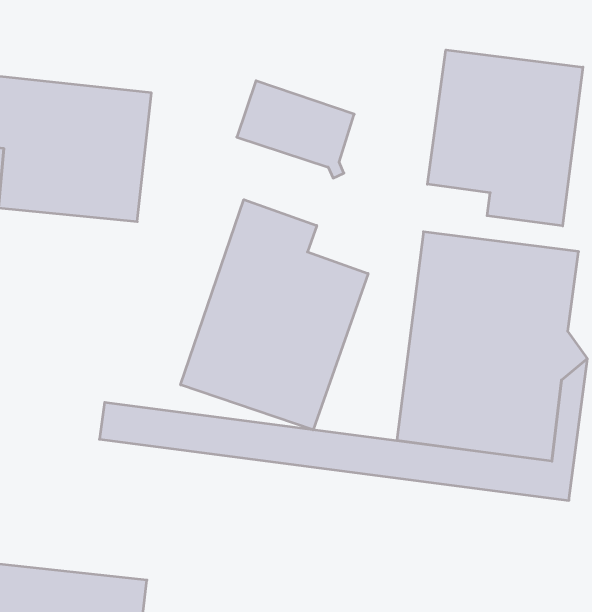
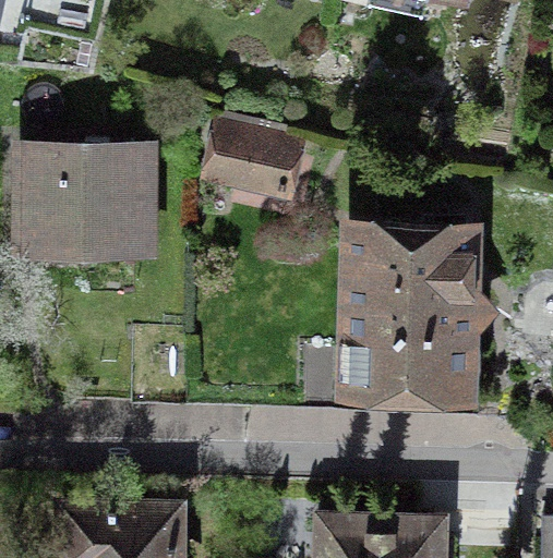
building: [427,50,583,226] -> none
building: [181,200,368,430] -> none

